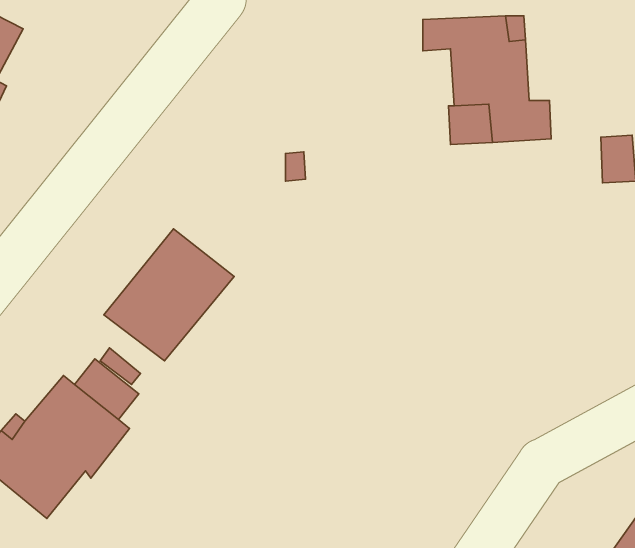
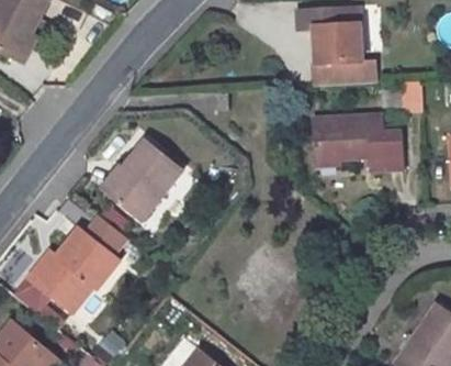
building: none -> [312,112,404,166]

